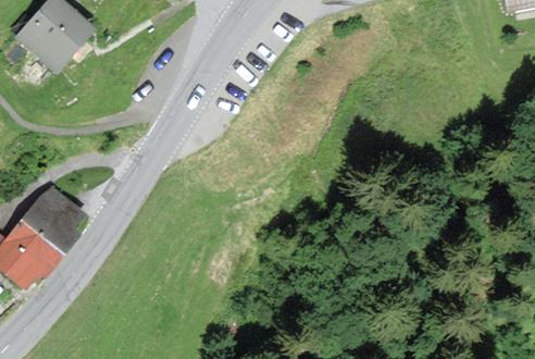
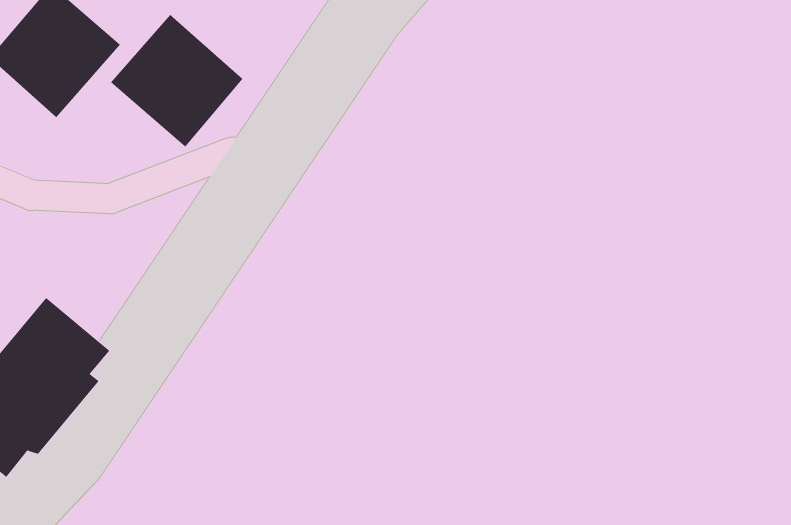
building: none -> [110,14,243,147]

